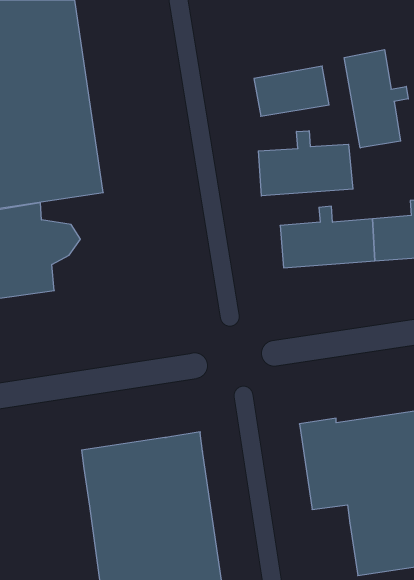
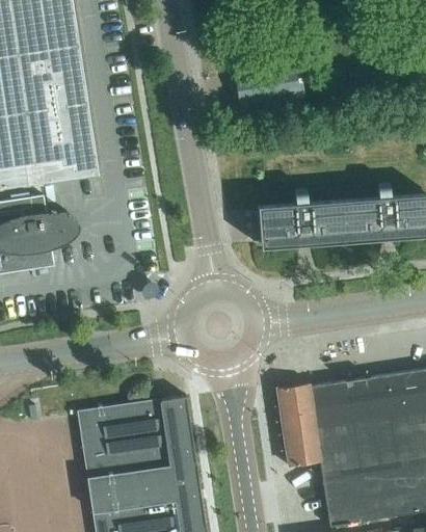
building: [344,50,408,148] -> none
building: [258,131,353,196] -> none

